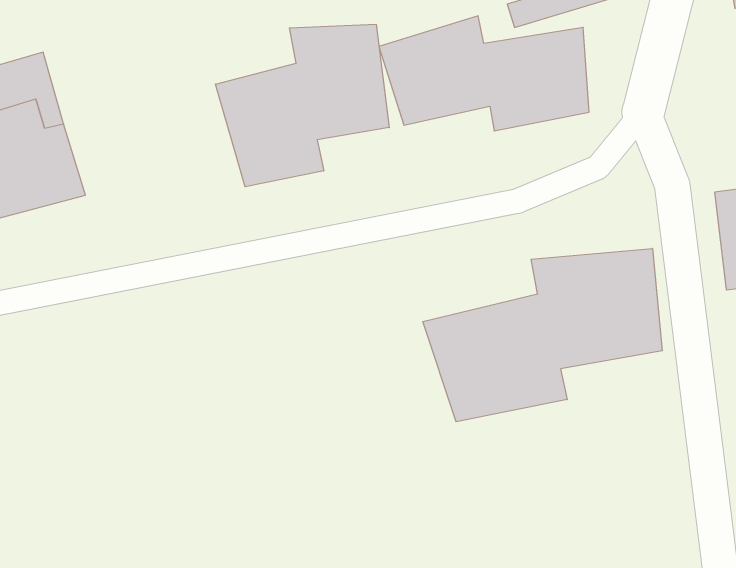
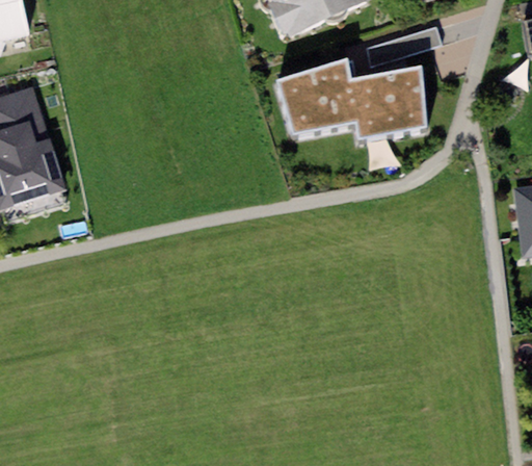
building: [215,24,389,187] -> none
building: [423,248,662,422] -> none

